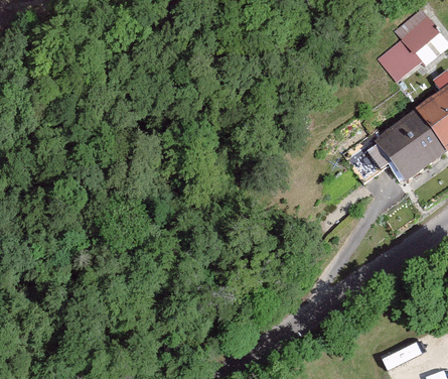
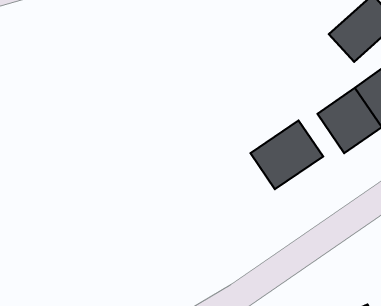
building: none -> [250,121,323,189]

